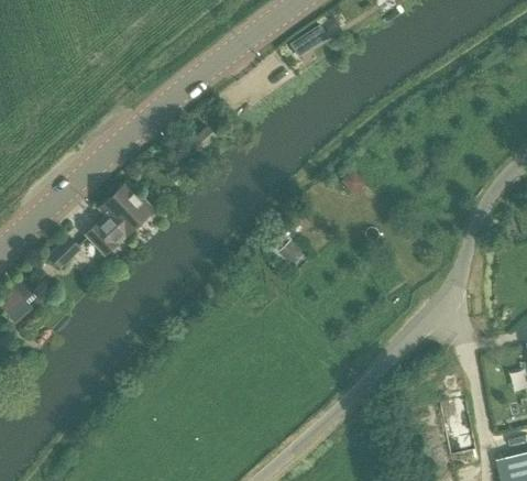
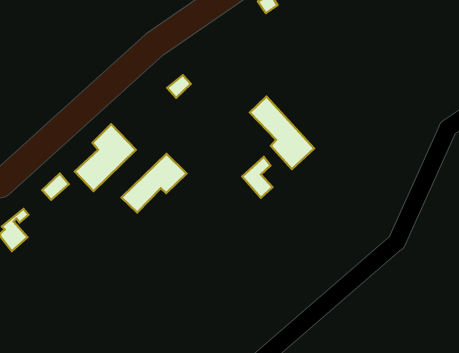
building: none -> [250,96,314,169]
building: none -> [122,154,186,213]

